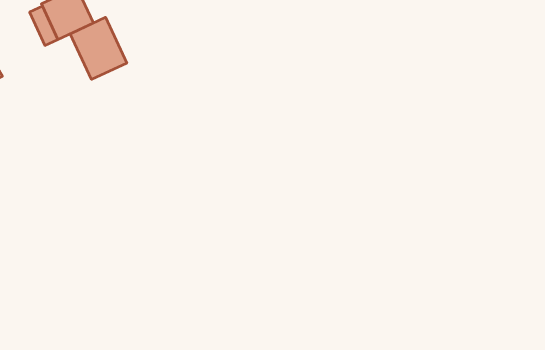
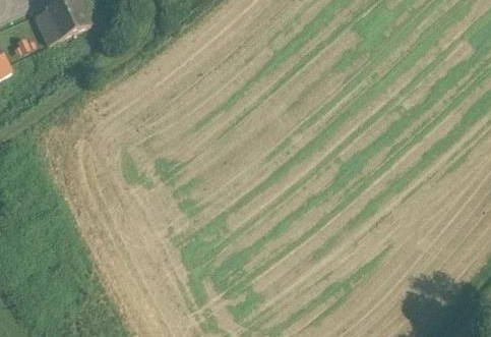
building: [70,17,127,79] -> none

